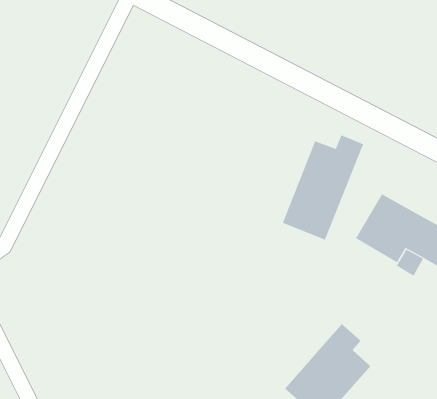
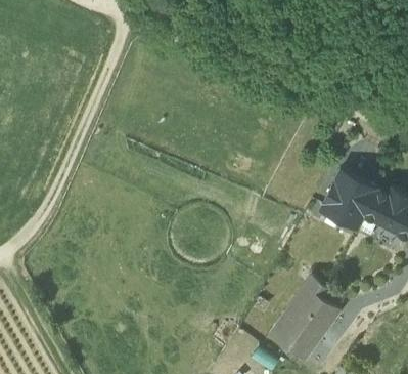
building: [282,135,364,240] -> none

